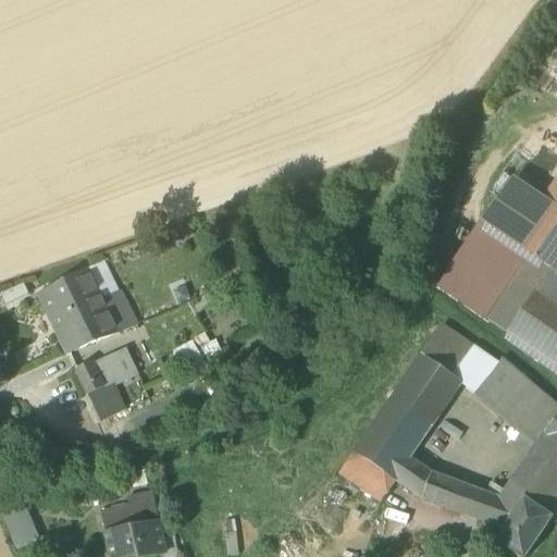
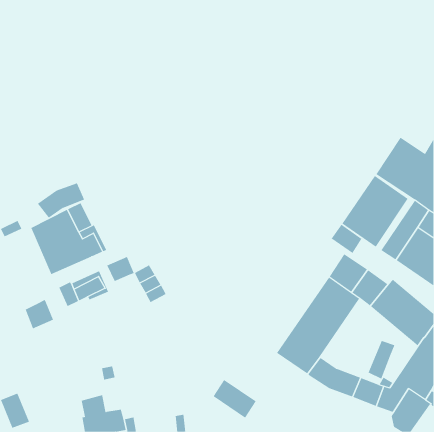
building: none -> [37,182,85,219]
building: none -> [331,224,362,254]
building: none -> [107,256,134,282]
building: [86,380,123,418] -> [25,299,54,329]
building: none -> [368,340,395,380]
building: [338,450,395,502] -> [212,379,257,419]
building: [129,494,156,527] -> none

